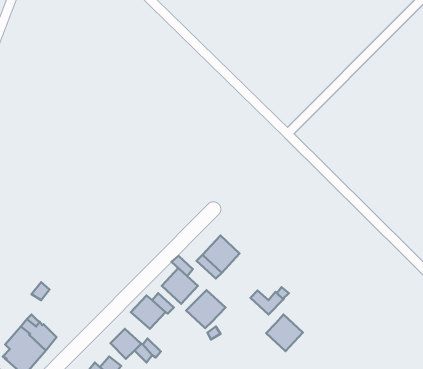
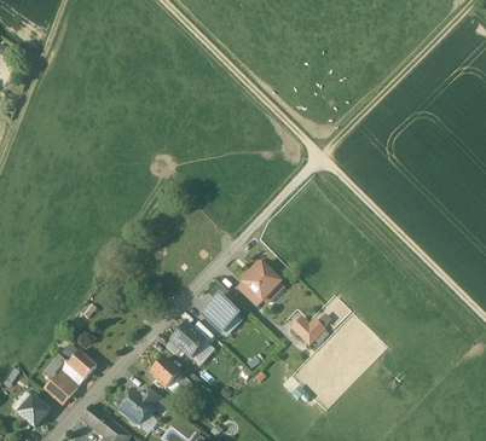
building: [186,290,225,328] -> none
building: [266,314,303,351] -> none

